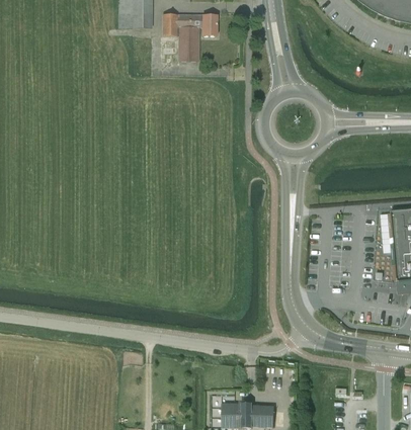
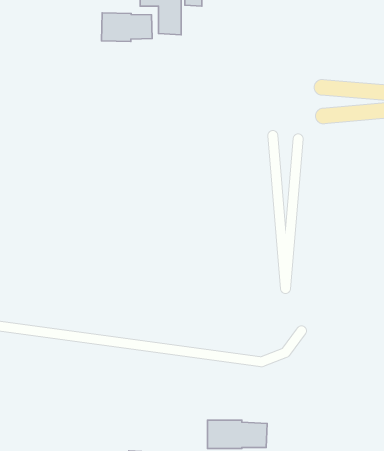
building: none -> [101,13,152,41]

